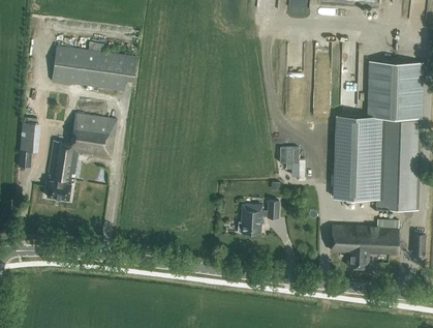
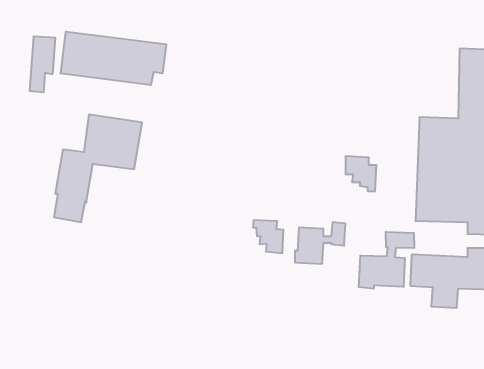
building: [19,123,39,168] -> [30,36,55,92]
building: none -> [253,220,283,253]
building: none -> [359,232,414,289]

